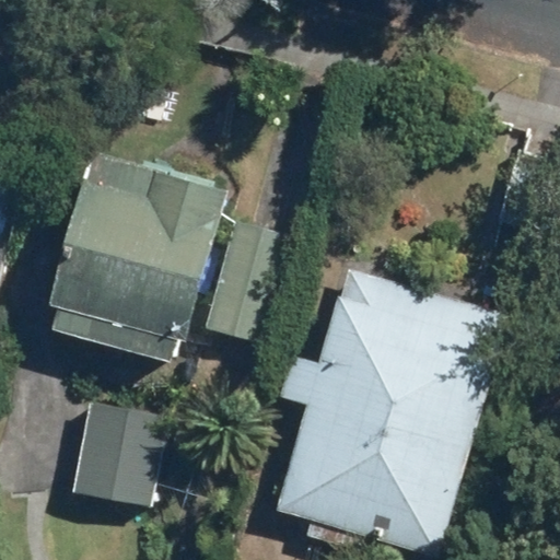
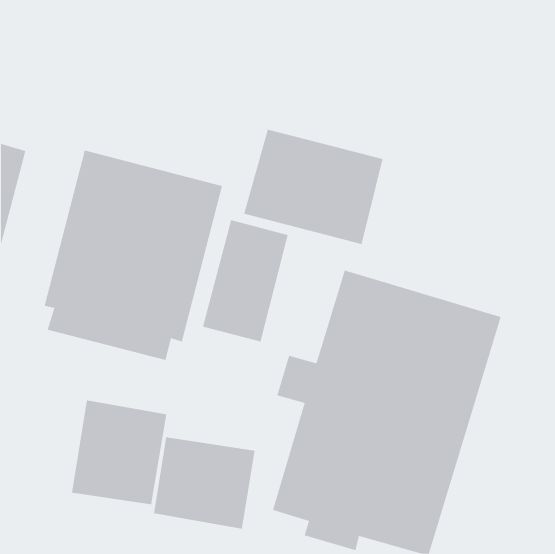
building: none -> [244,129,383,245]
building: none -> [153,436,255,529]

